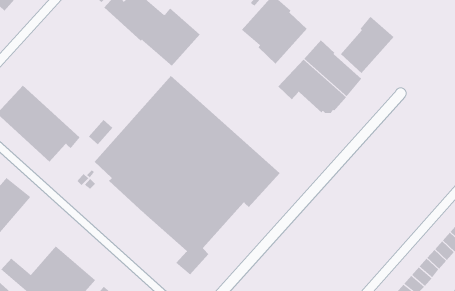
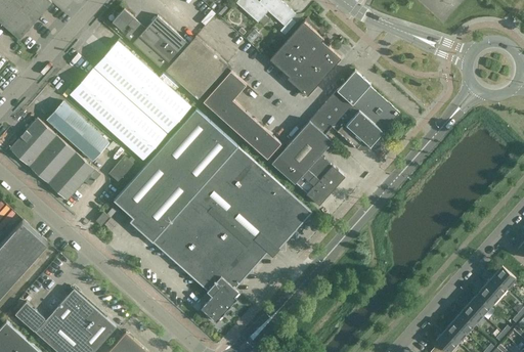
building: none -> [70,41,190,160]
building: [340,16,394,74] -> none
building: none -> [204,71,281,160]
building: none -> [45,101,108,162]
building: none -> [271,121,345,206]

